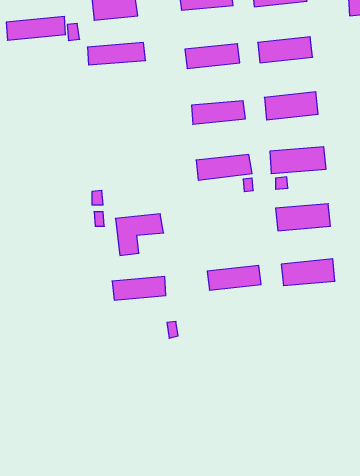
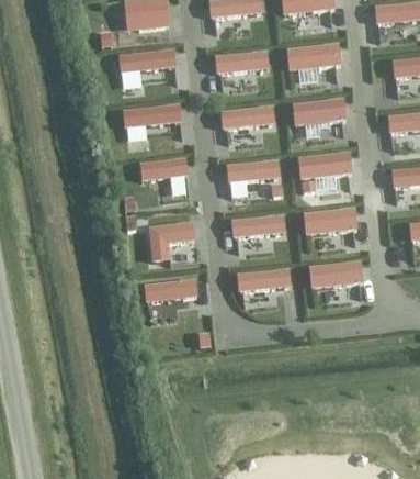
building: [6,17,66,40] -> [123,104,181,127]
building: none -> [140,158,189,180]
building: none -> [231,215,285,237]

